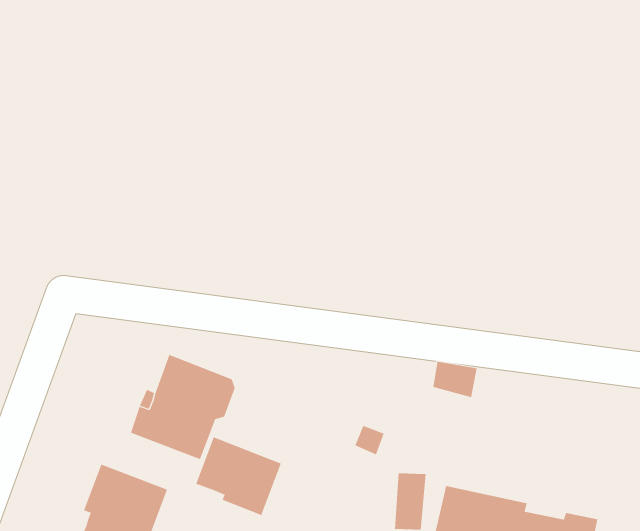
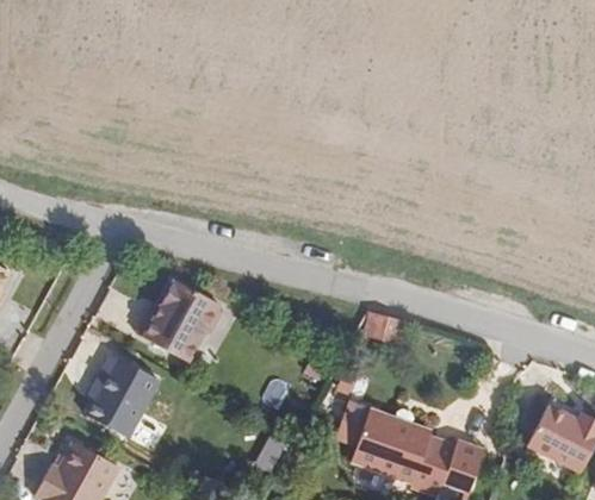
building: [195,436,281,516] -> none

